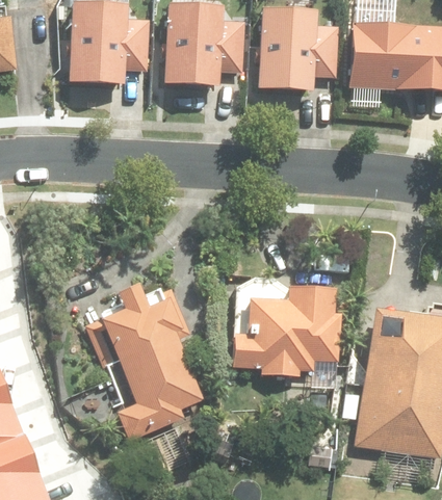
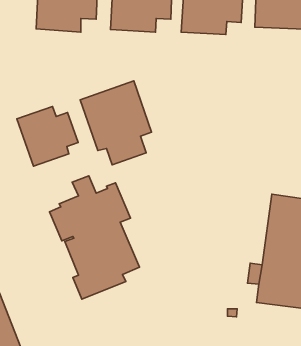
building: none -> [80,81,152,165]
building: none -> [17,107,78,166]
building: [232,282,341,373] -> none

